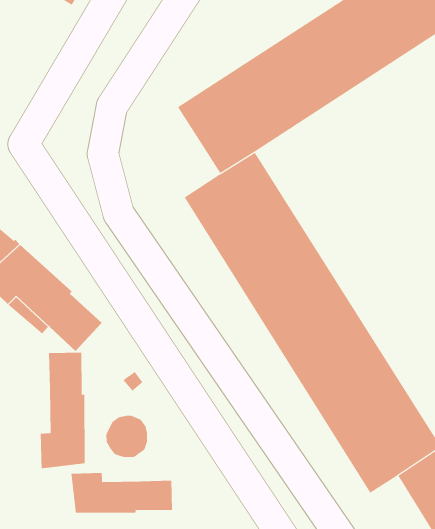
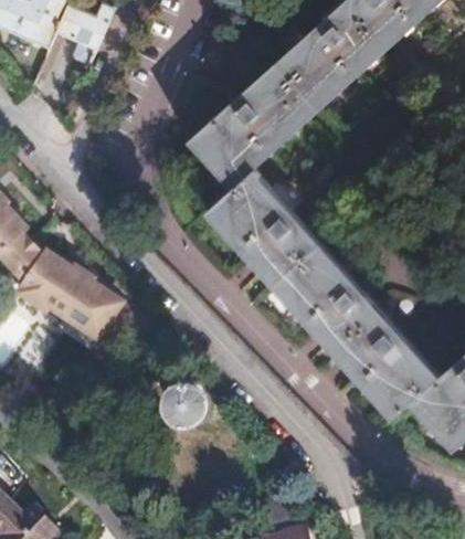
building: [40,352,85,469] -> none
building: [71,472,172,514] -> none

